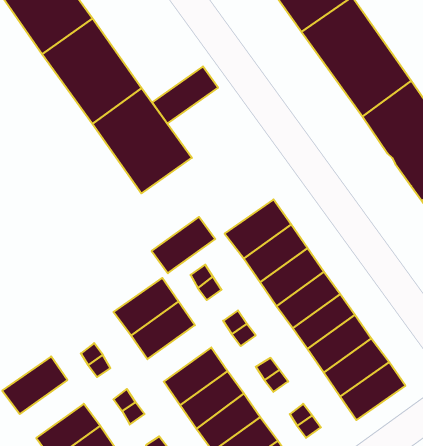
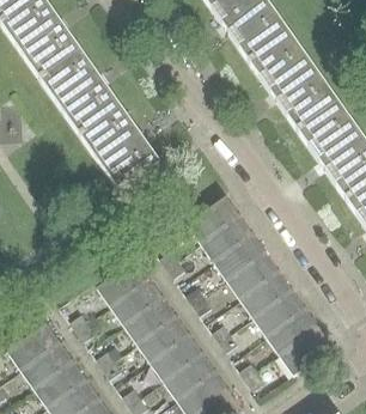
building: [152,66,218,124] -> none
building: [152,217,215,273] -> [124,297,176,342]
building: none -> [22,341,73,388]

